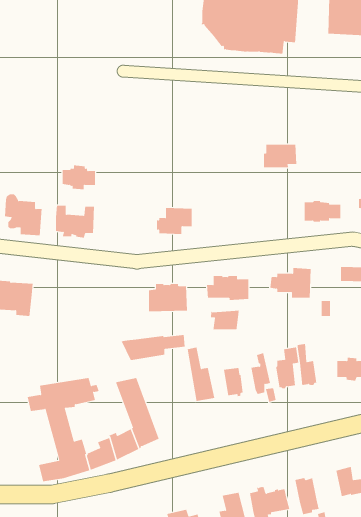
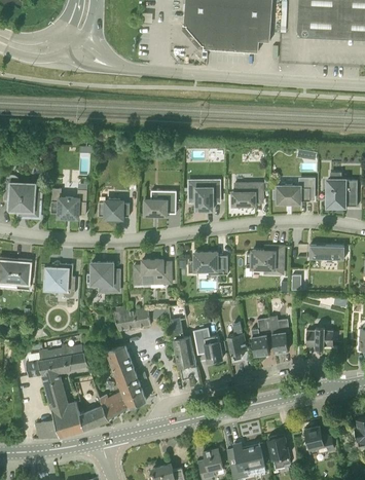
building: [263,144,297,168] -> [232,184,263,206]
building: [62,165,96,190] -> [99,198,130,221]
building: none -> [188,181,220,213]
building: none -> [87,262,119,293]
building: none -> [43,263,76,291]
building: [210,310,239,330] -> none

